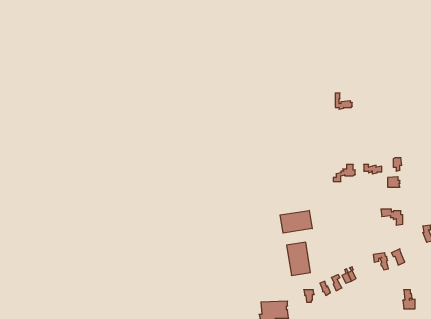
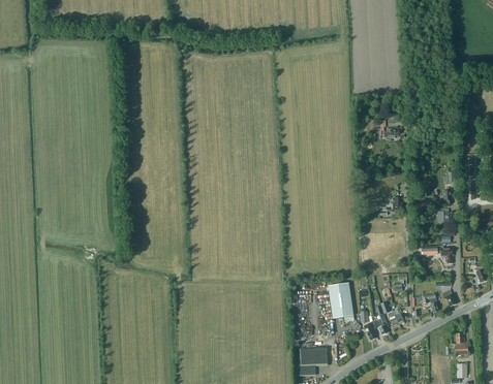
building: [280,210,312,233] -> none

